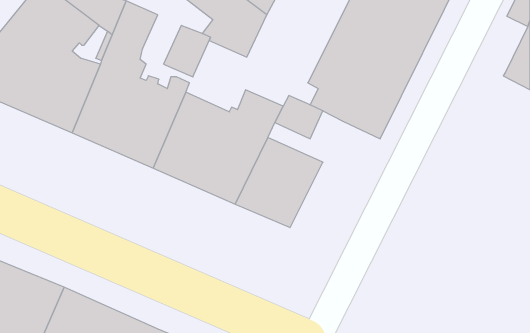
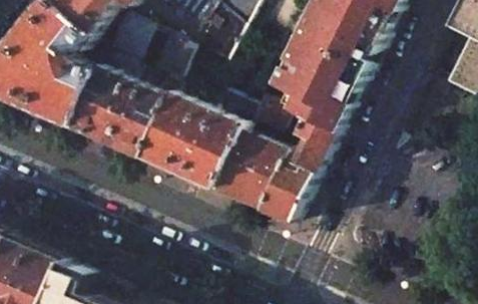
building: none -> [256,116,333,222]

